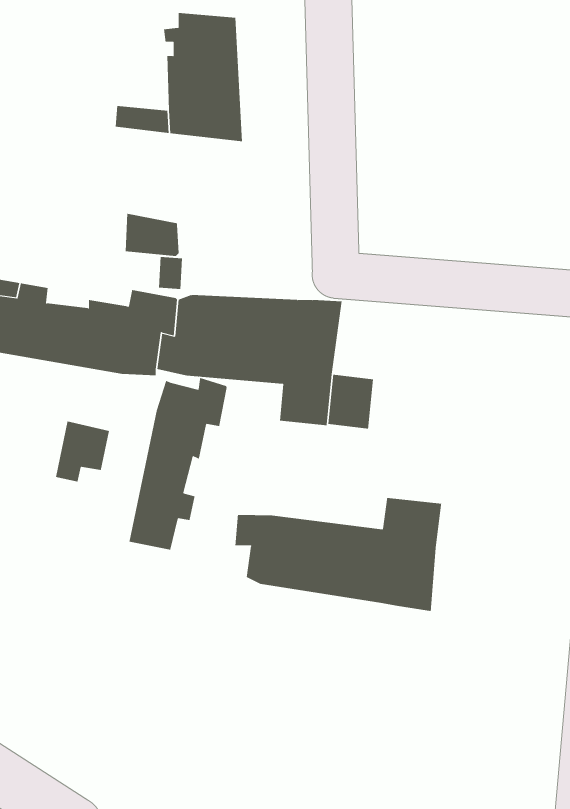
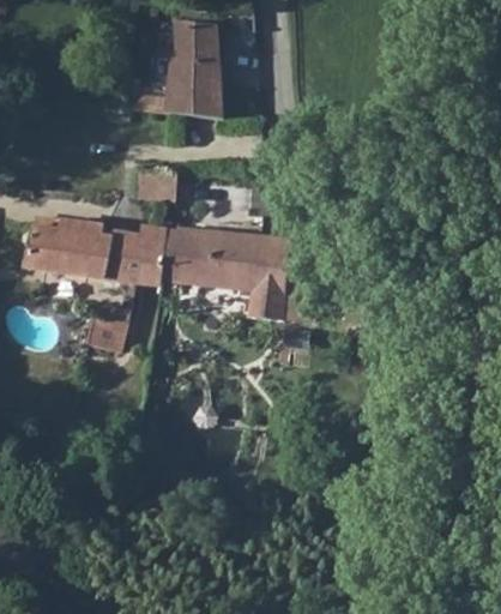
building: [129,377,227,551] -> none
building: [235,497,442,612] -> none

